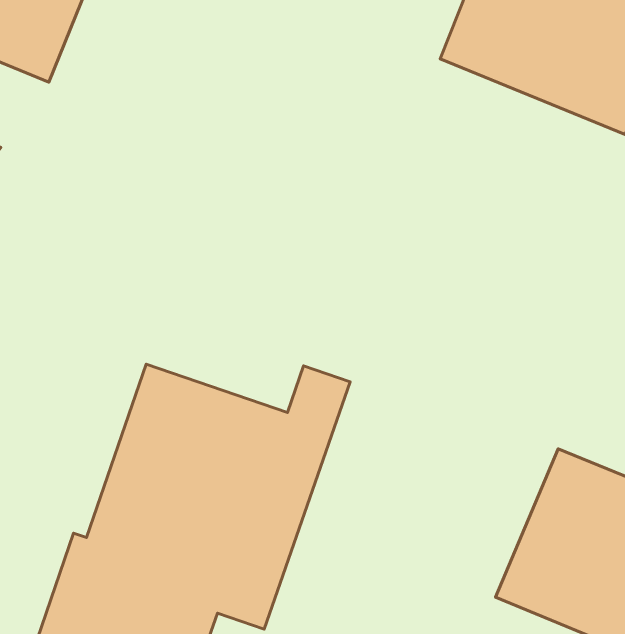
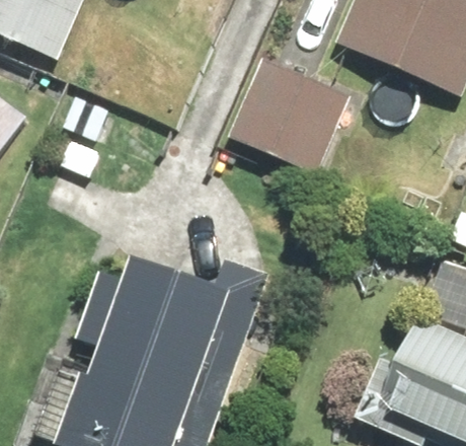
building: none -> [224,58,345,177]

